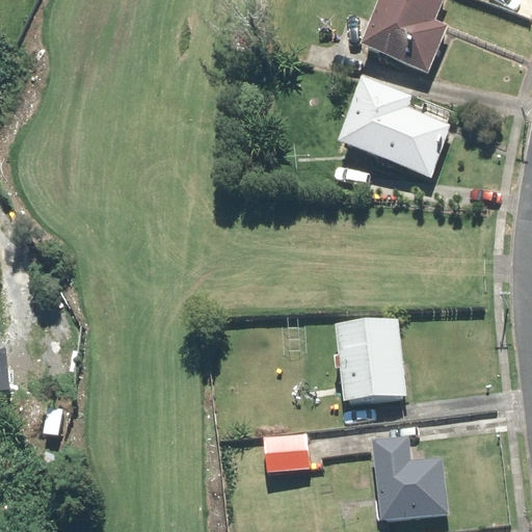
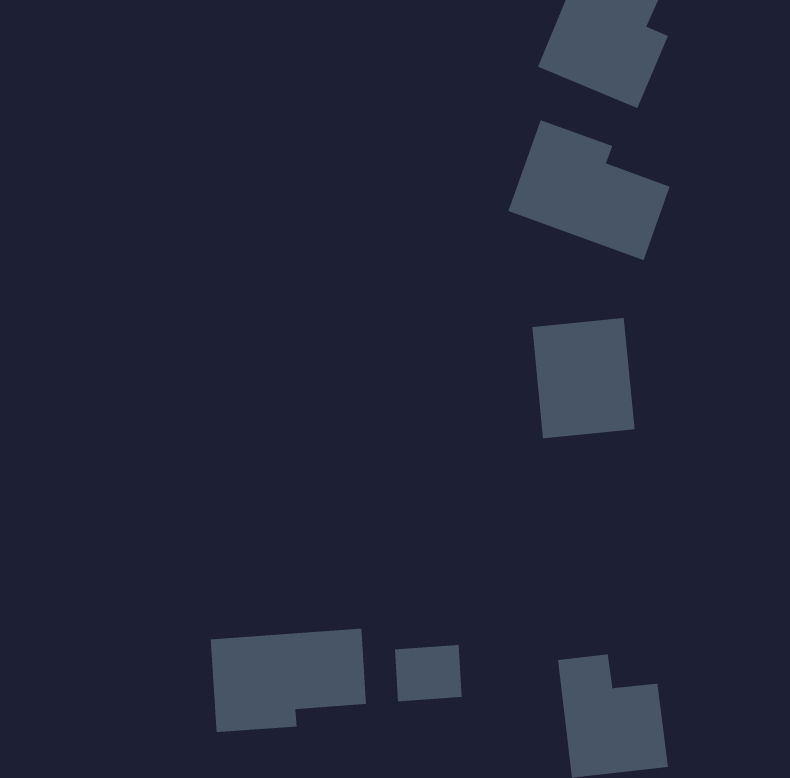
building: [336,319,405,400] -> [531,318,635,439]
building: none -> [210,628,367,733]

